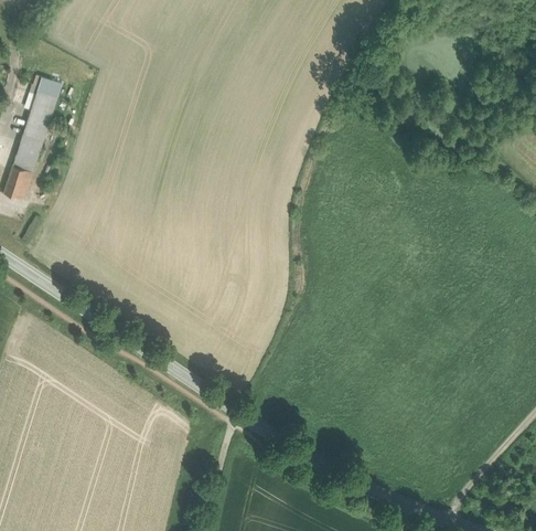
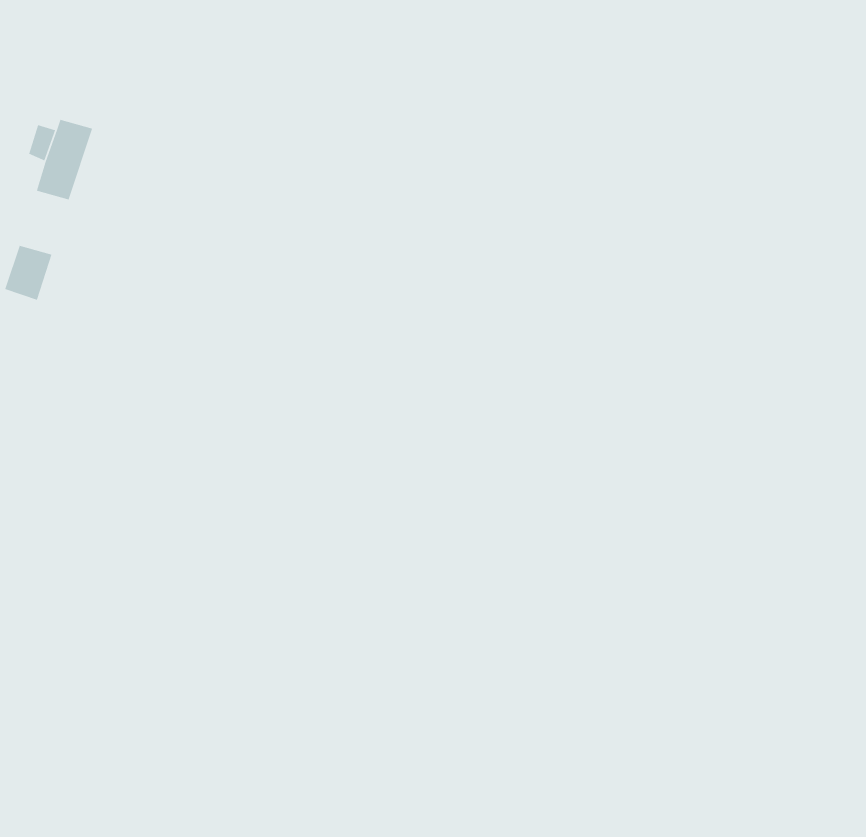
building: [14,132,44,170] -> none

